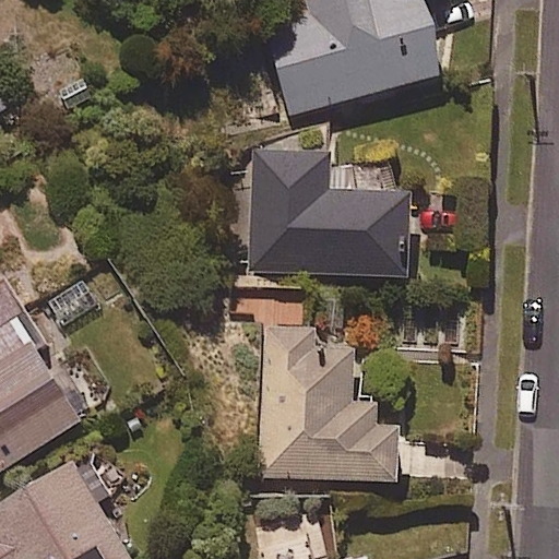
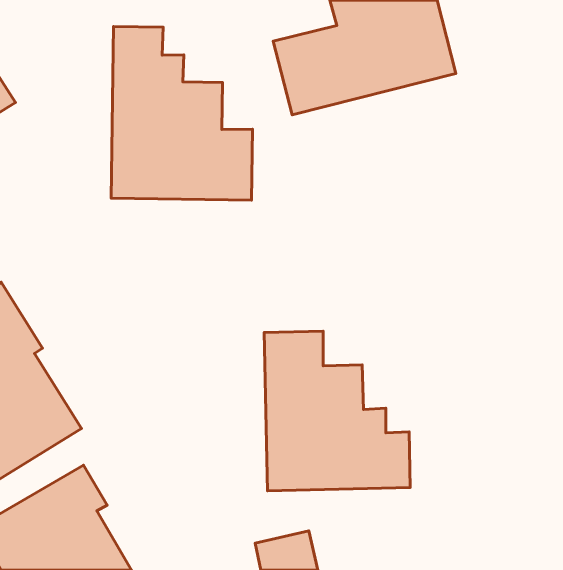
building: none -> [111,27,252,200]
building: [247,148,411,275] -> none

